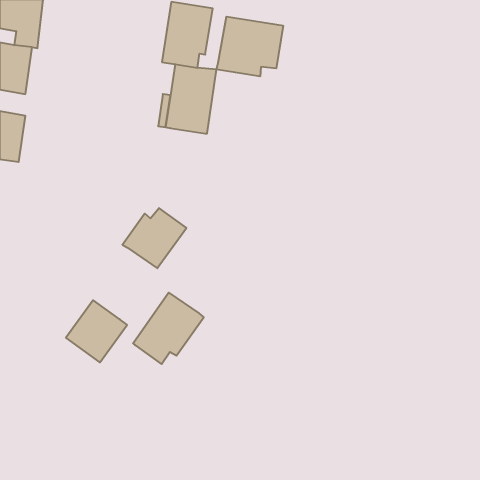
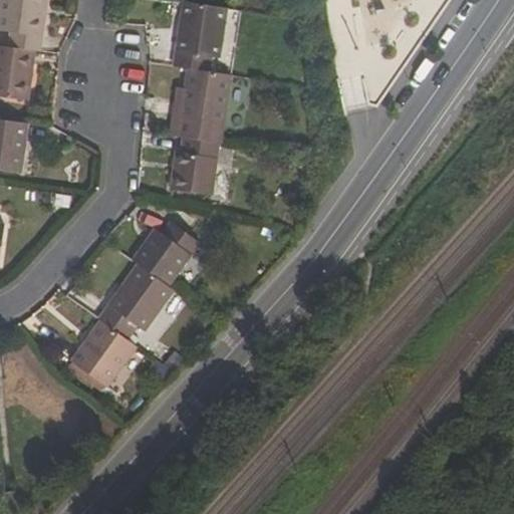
building: [216,17,283,76] -> none
building: none -> [170,137,219,195]
building: [133,293,204,364] -> [97,264,173,340]

